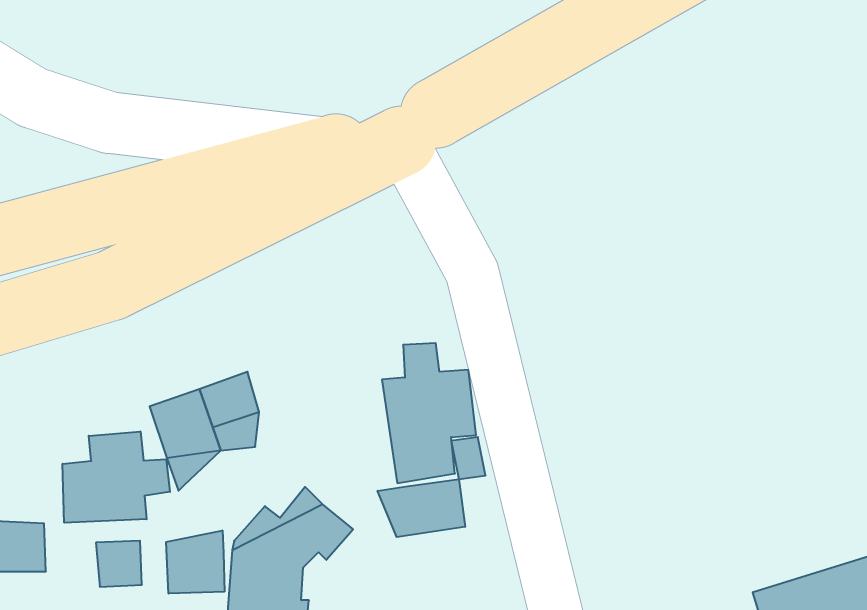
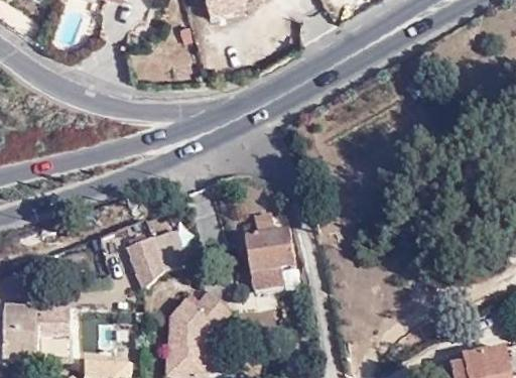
building: [63,431,170,523] -> none
building: [378,479,465,537] -> none
building: [166,530,224,594] -> none

